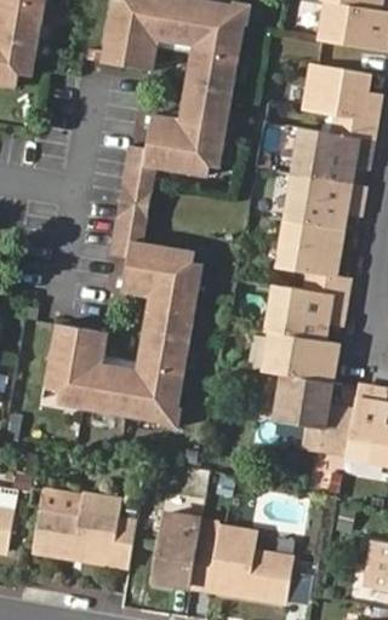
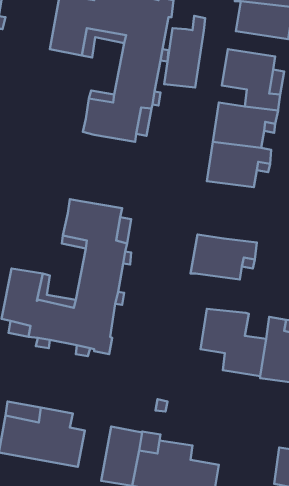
building: none -> [164,16,205,88]
building: [102,144,152,262] -> none
building: [280,223,352,297] -> none
building: [268,334,341,381] -> none

